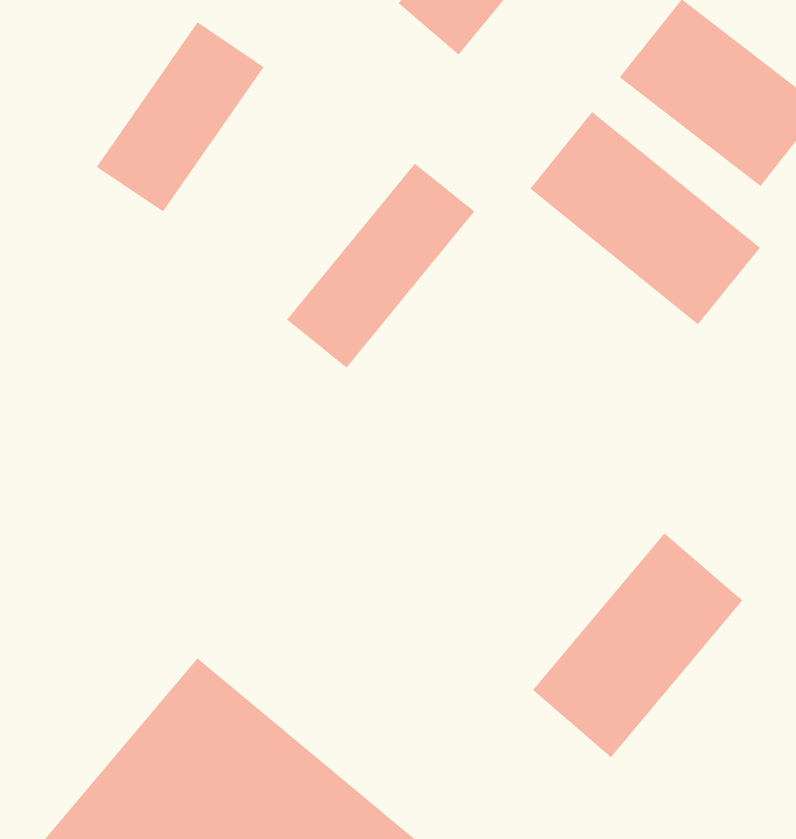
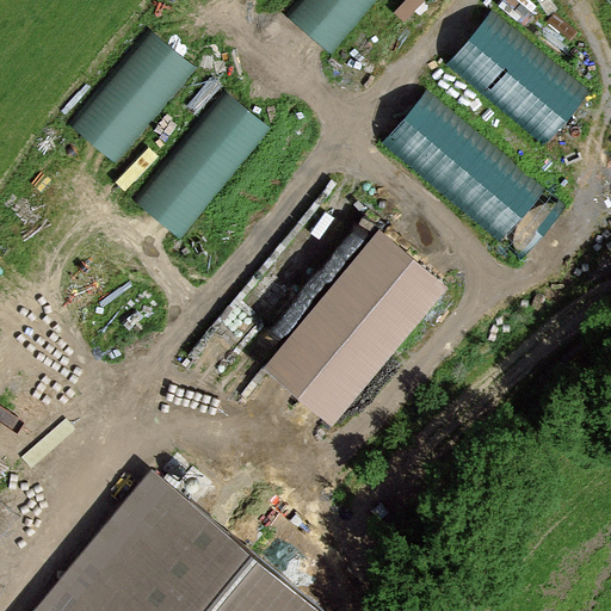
building: [286,163,475,369] -> [138,90,272,235]
building: none -> [260,227,446,424]
building: [532,532,743,758] -> none

